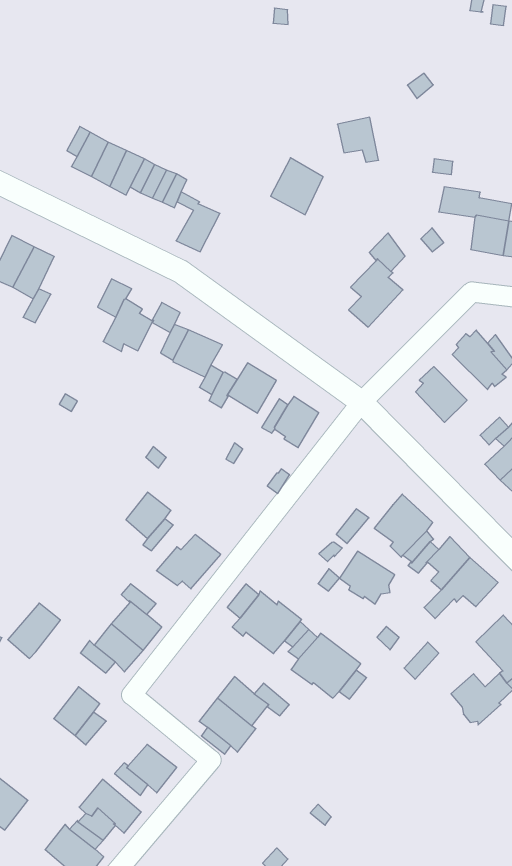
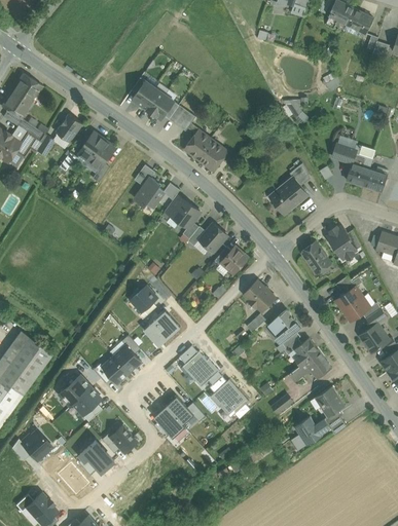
building: [271,158,323,215] -> [195,138,226,171]
building: [340,551,395,604] -> [244,280,275,311]
building: [8,603,60,658] -> [59,376,89,406]

